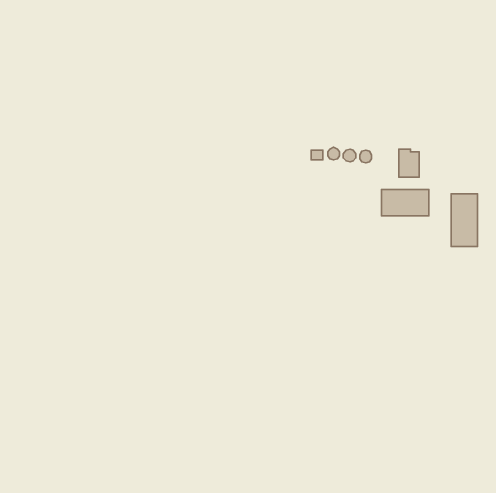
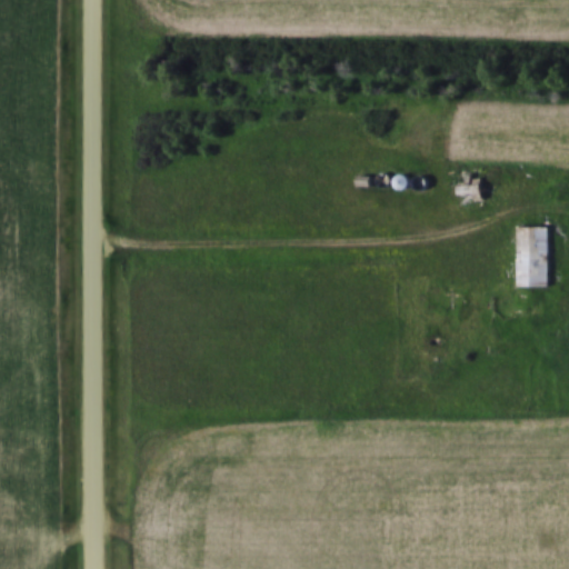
building: [381,190,429,216] -> none

